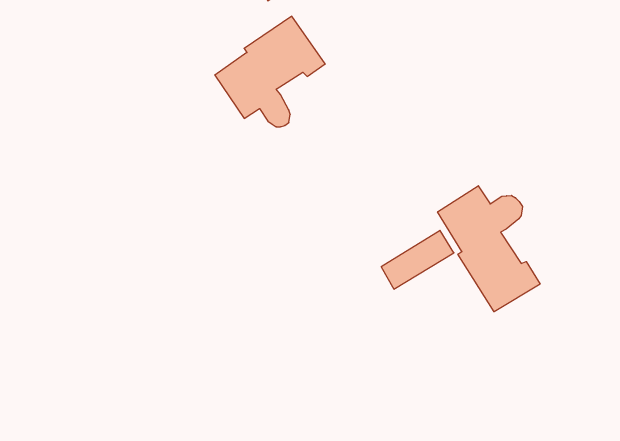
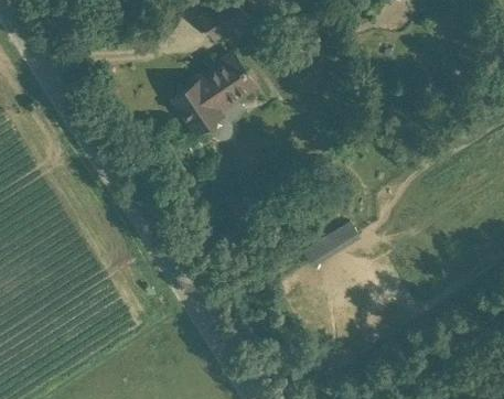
building: [438,186,540,312] -> none

